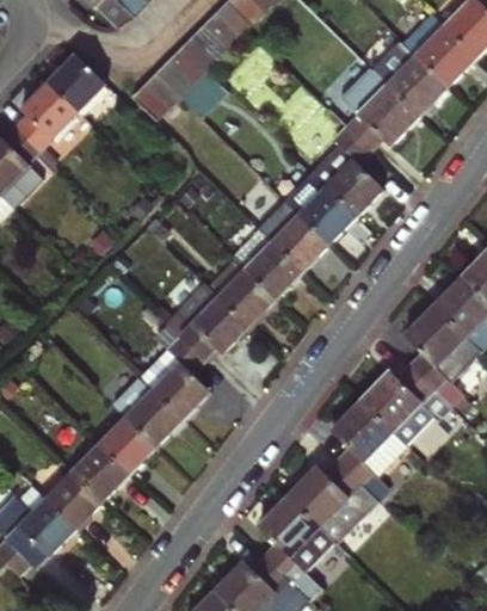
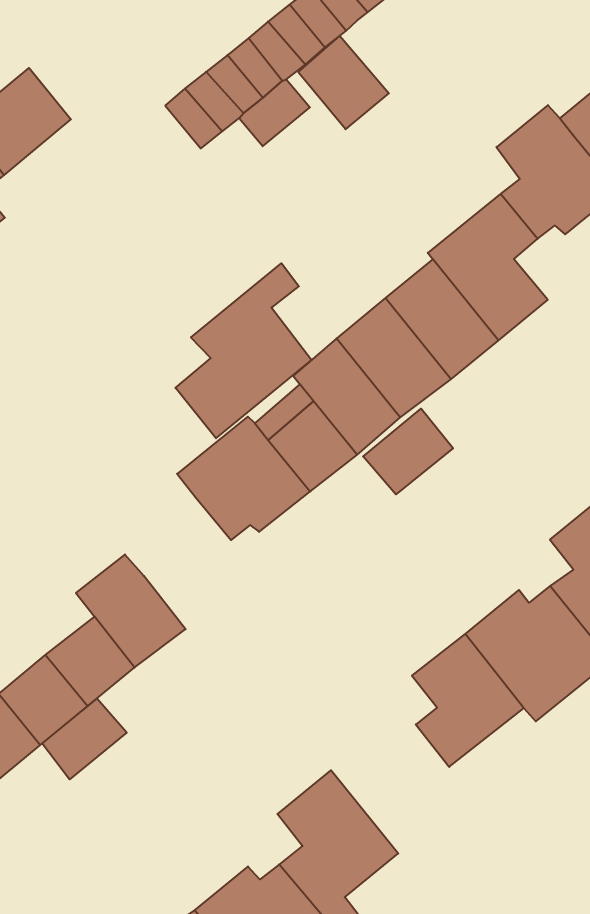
building: none -> [298,36,389,129]
building: [47,54,105,112] -> none
building: none -> [175,263,312,438]
building: none -> [363,409,453,494]
building: [142,337,211,419] -> none
building: [285,461,374,542] -> none
building: none -> [42,699,127,779]

